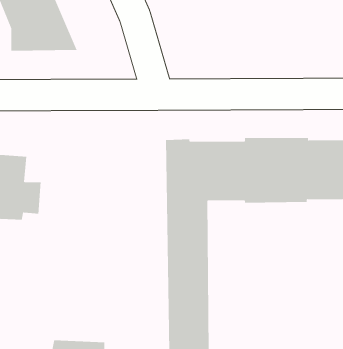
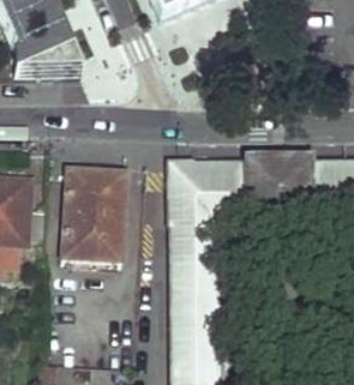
building: none -> [59,167,124,260]

